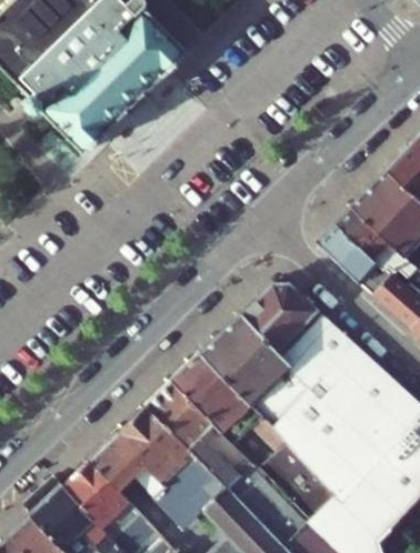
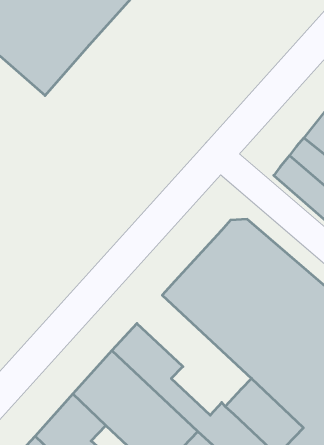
building: [176,354,287,452] -> none

